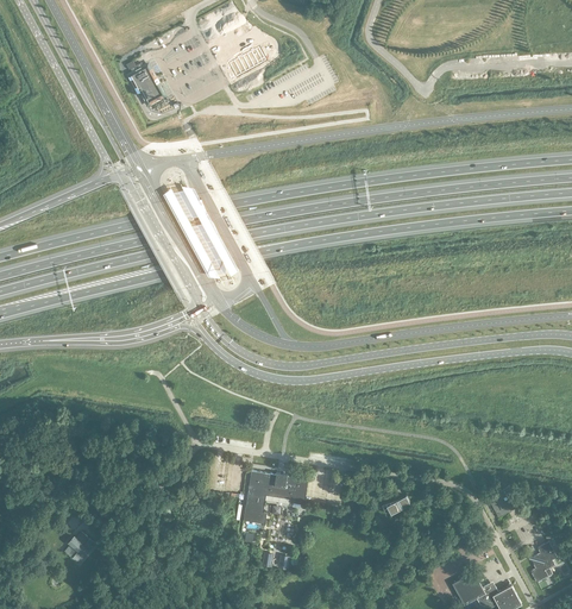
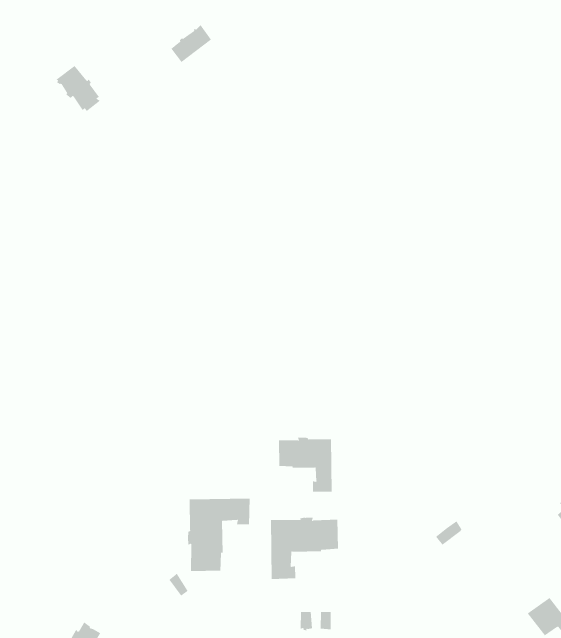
building: none -> [279,437,332,493]
building: none -> [187,498,250,572]

